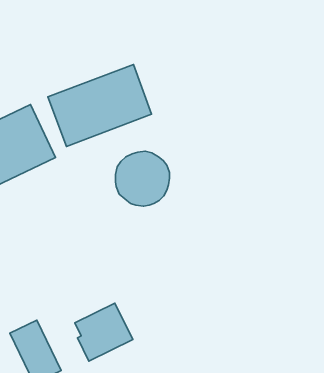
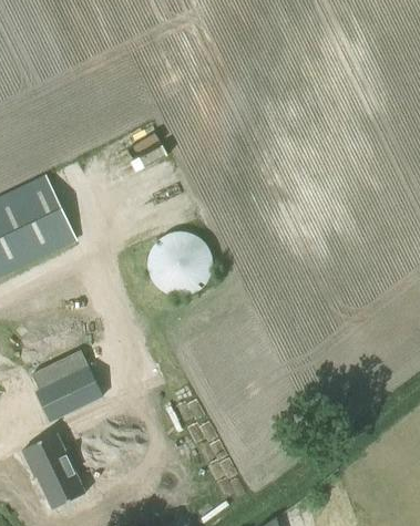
building: [48,65,151,147] -> none
building: [75,303,133,361] -> [32,352,101,421]

